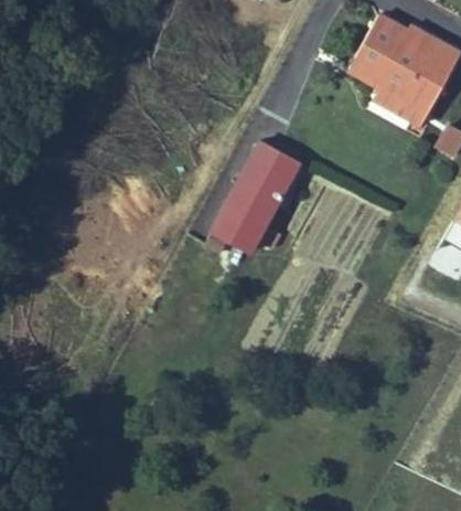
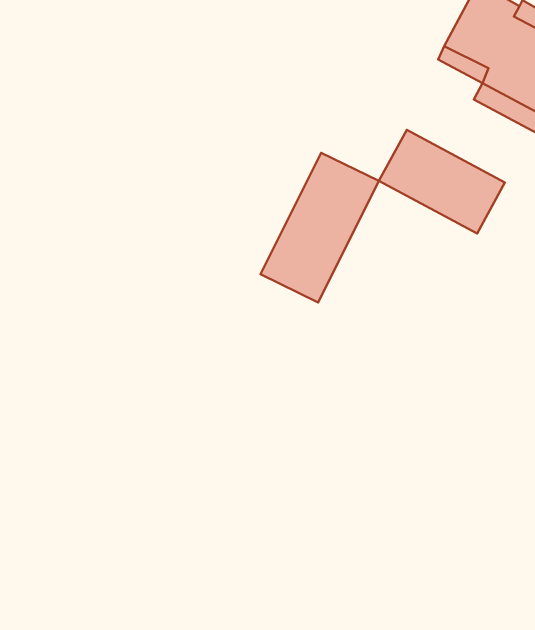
building: none -> [379,130,505,233]

